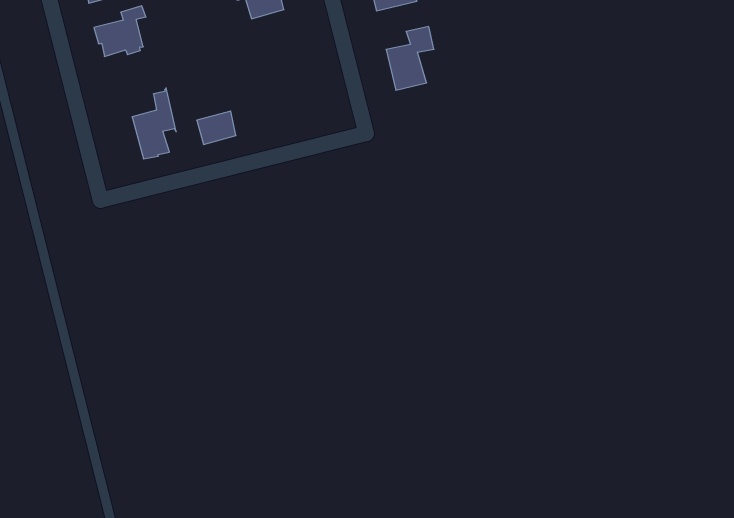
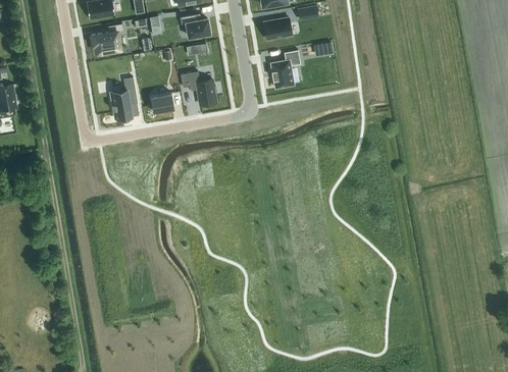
building: none -> [181,70,216,104]

